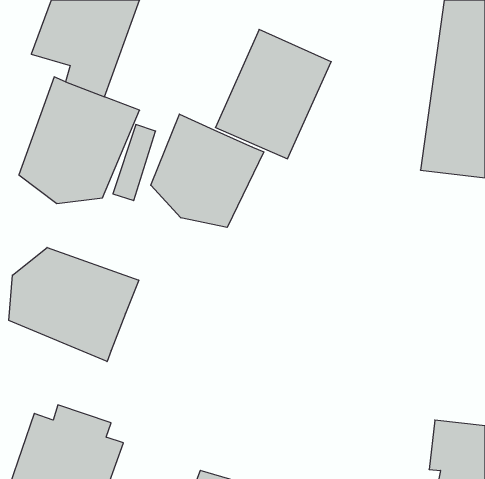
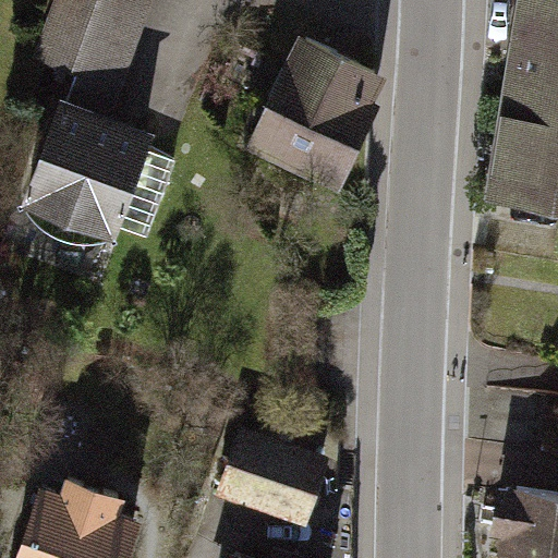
building: [151,114,264,227] -> none
building: [9,247,139,362] -> none
building: none -> [218,429,335,526]

